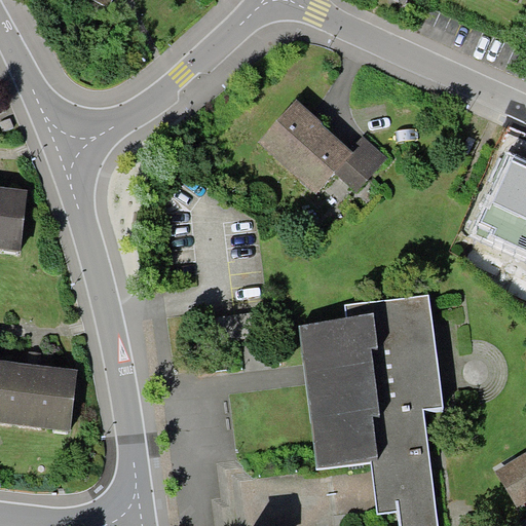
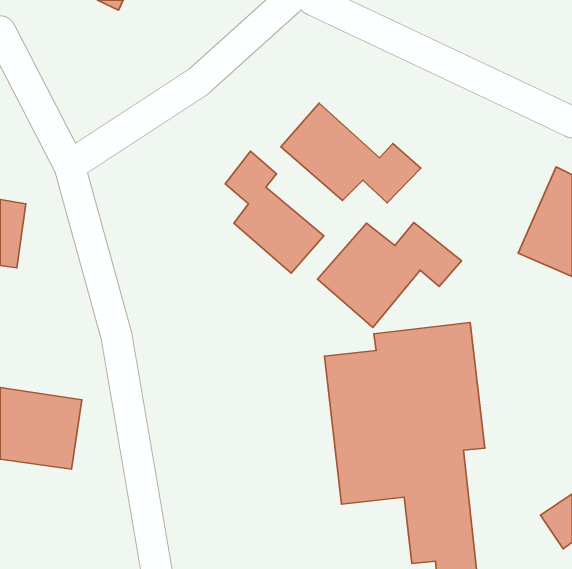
building: none -> [225,151,324,273]
building: none -> [318,222,461,327]

